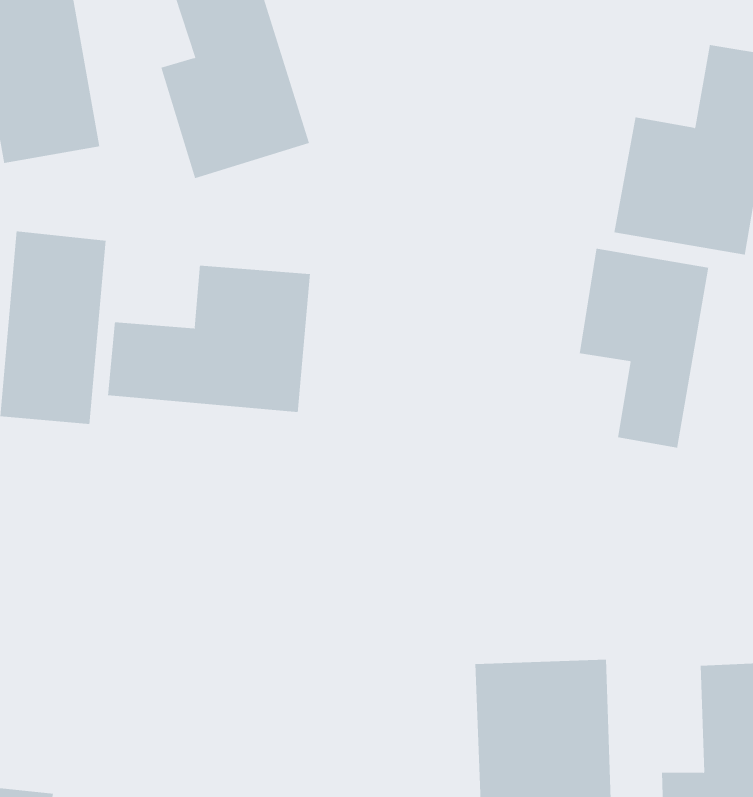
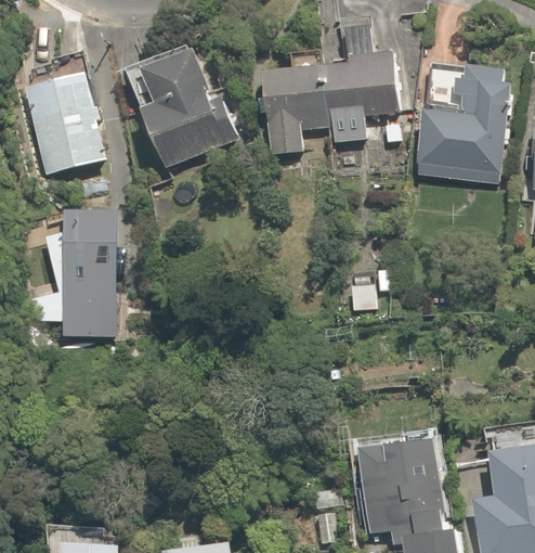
building: none -> [260,53,403,156]
building: [579,248,709,449] -> none
building: [107,265,311,413] -> none

